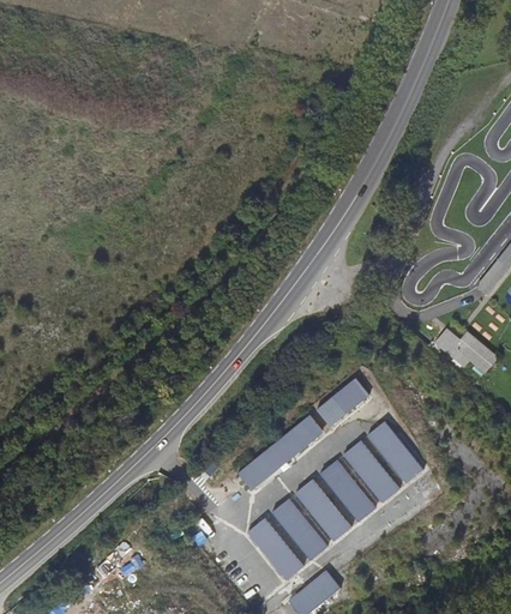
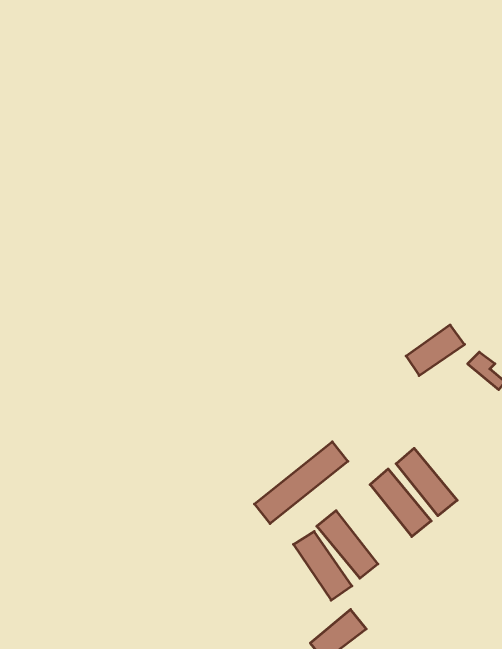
building: [315,379,369,426] -> [406,325,465,376]
building: [319,459,375,522] -> none
building: [246,518,303,580] -> none

